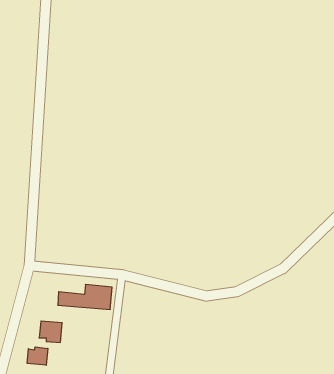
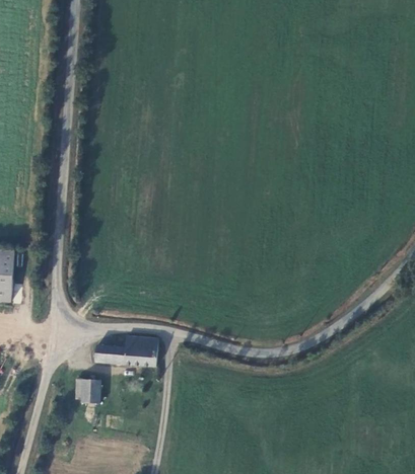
building: [27,347,48,365] -> none

